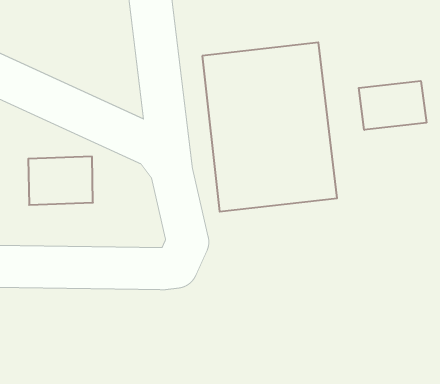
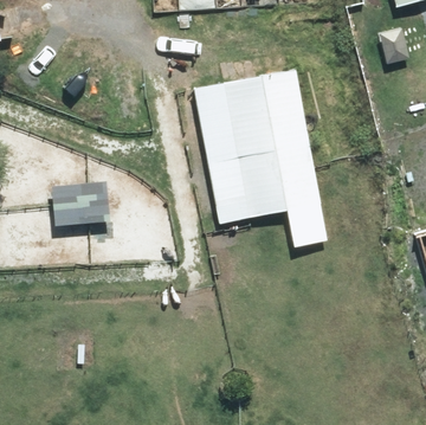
building: [359,81,426,130] -> none

